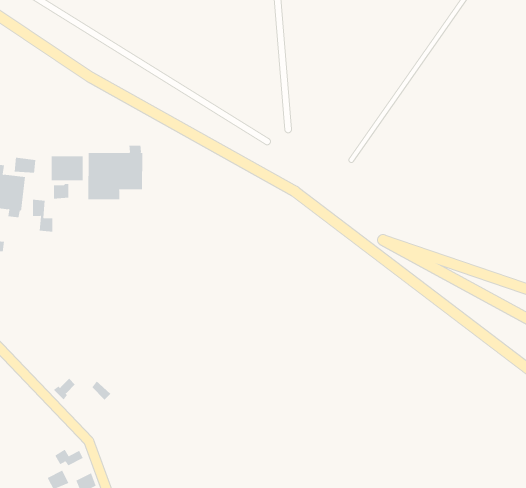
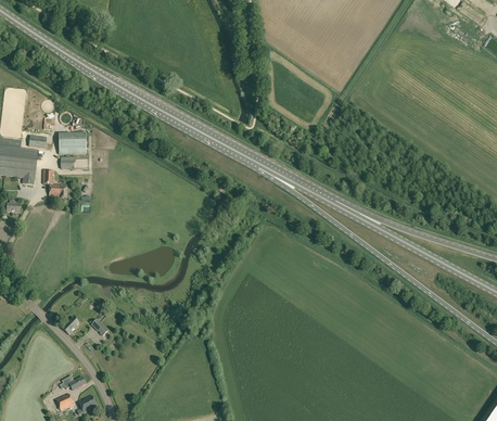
building: [88,145,143,200] -> none

